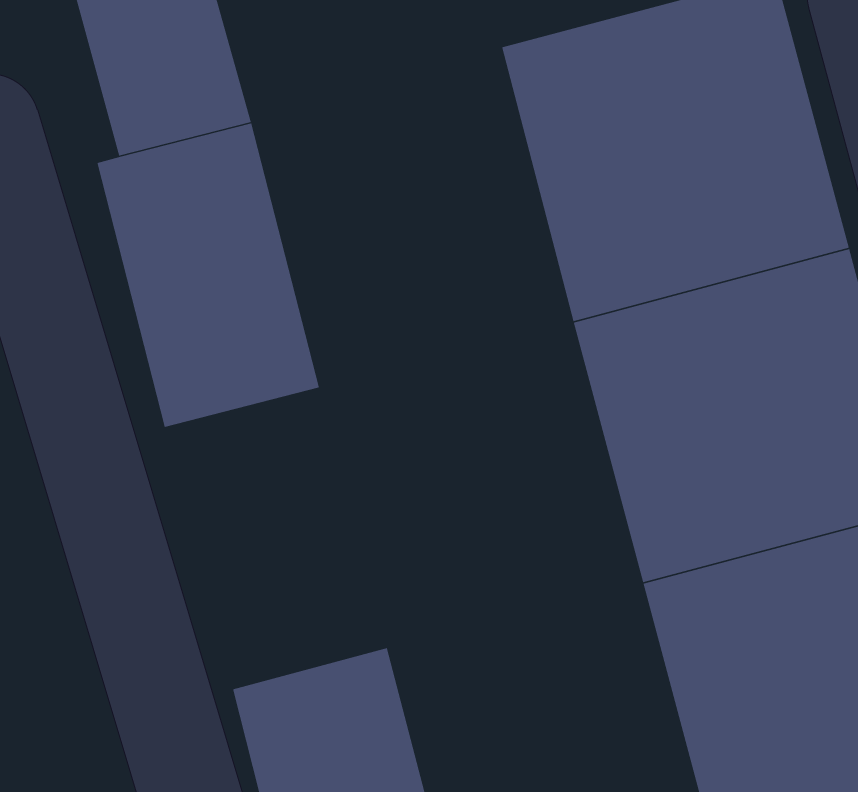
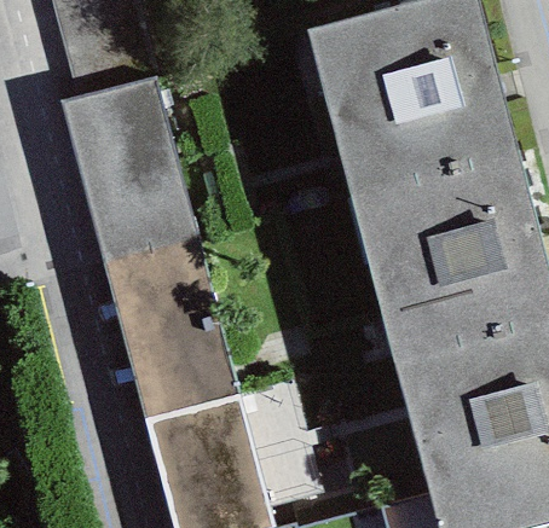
building: none -> [102,236,237,418]

